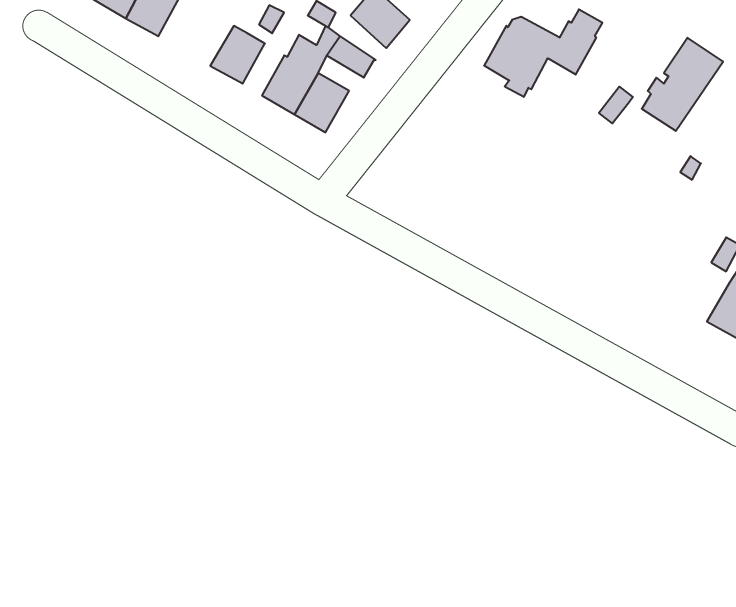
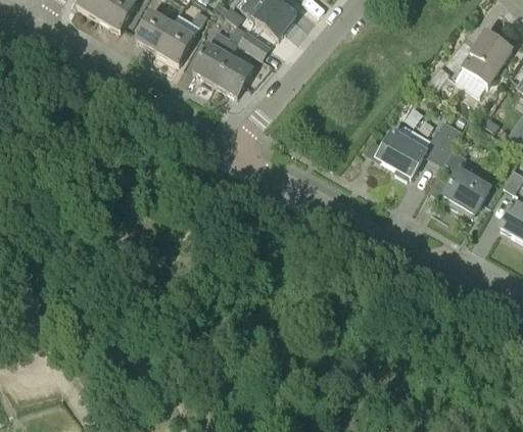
building: none -> [134,8,173,49]
building: [484,9,602,97] -> [378,117,460,178]
building: none -> [443,166,489,211]

